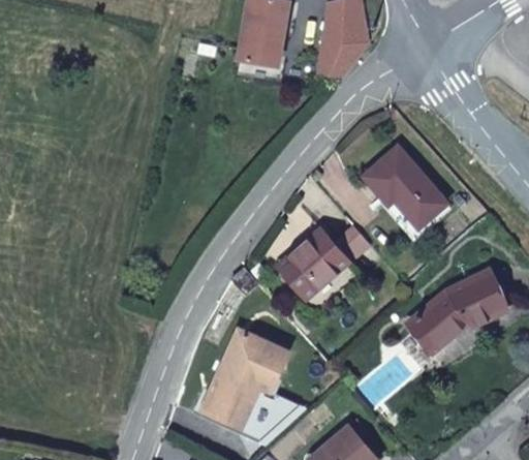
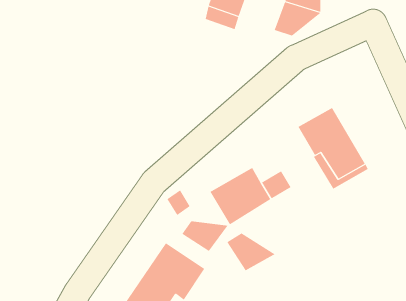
building: [409,272,506,351] -> none
building: none -> [182,221,229,252]
building: none -> [226,233,276,271]

